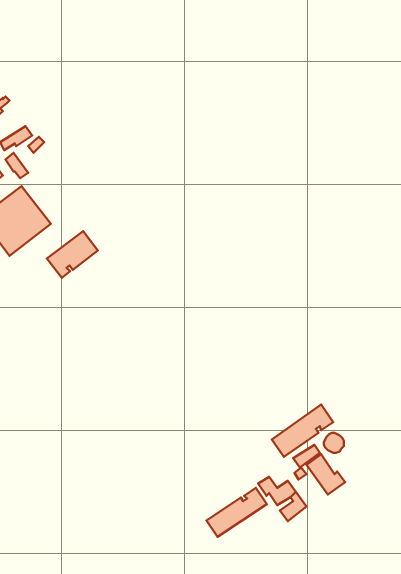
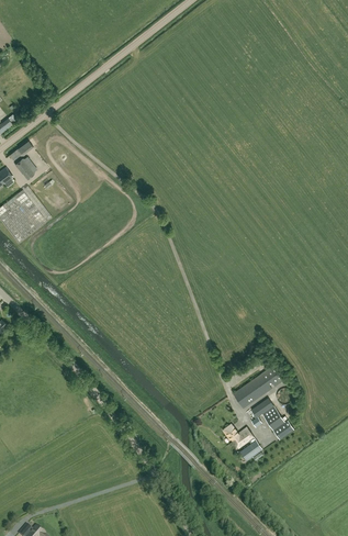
building: [47,231,98,278] -> none
building: [207,488,267,537] -> none

